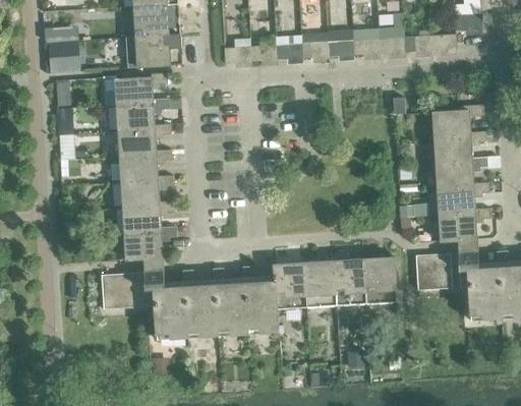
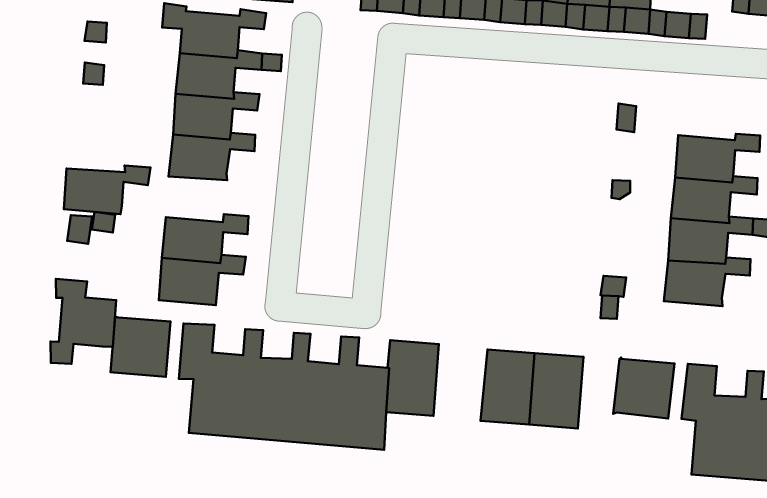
building: [120,175,172,209] -> [64,165,150,214]
building: [438,208,489,242] -> none
building: none -> [51,279,116,364]
building: [302,262,335,307] -> none

